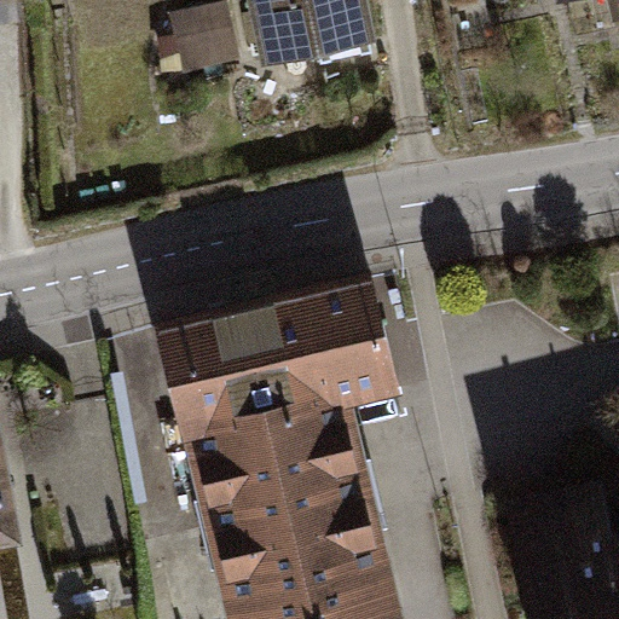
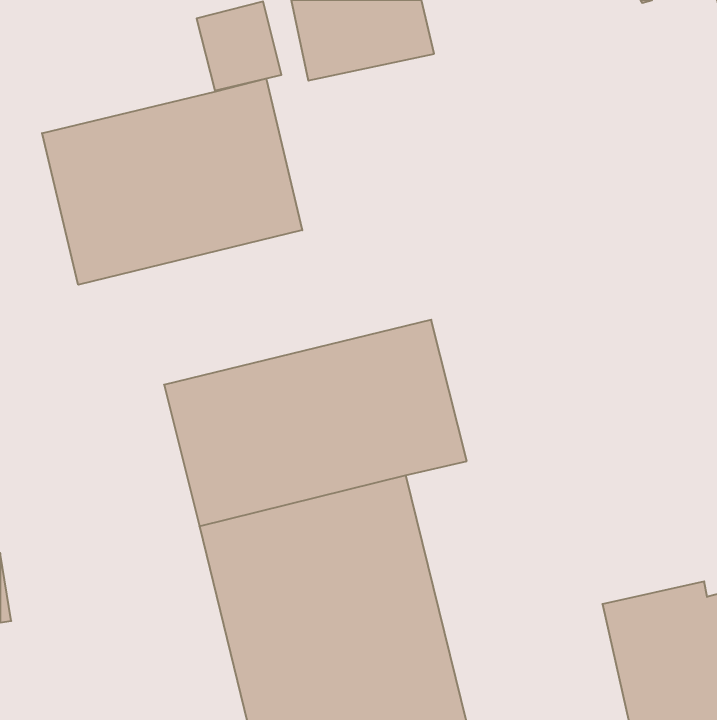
building: none -> [42,79,302,285]

